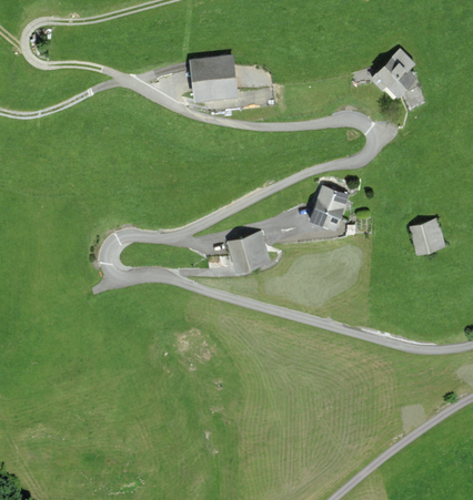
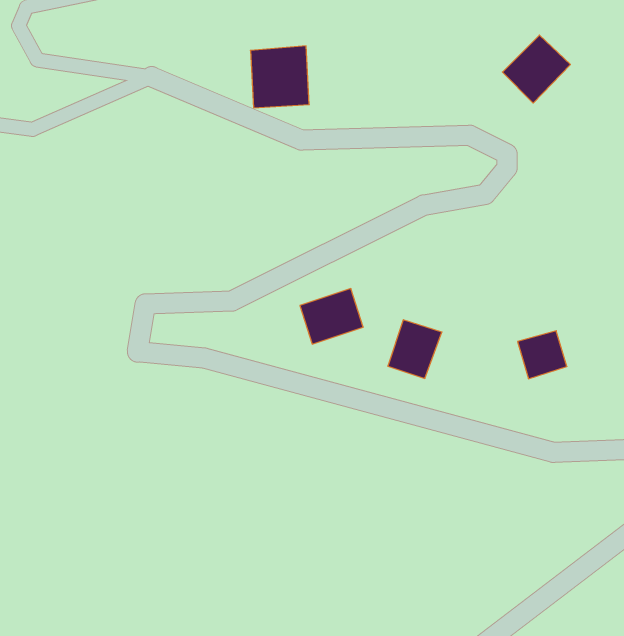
building: [311,185,350,227] -> [388,320,442,378]
building: [410,221,445,255] -> [518,331,567,379]

